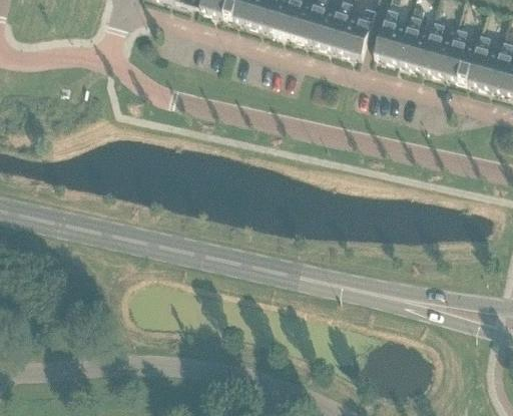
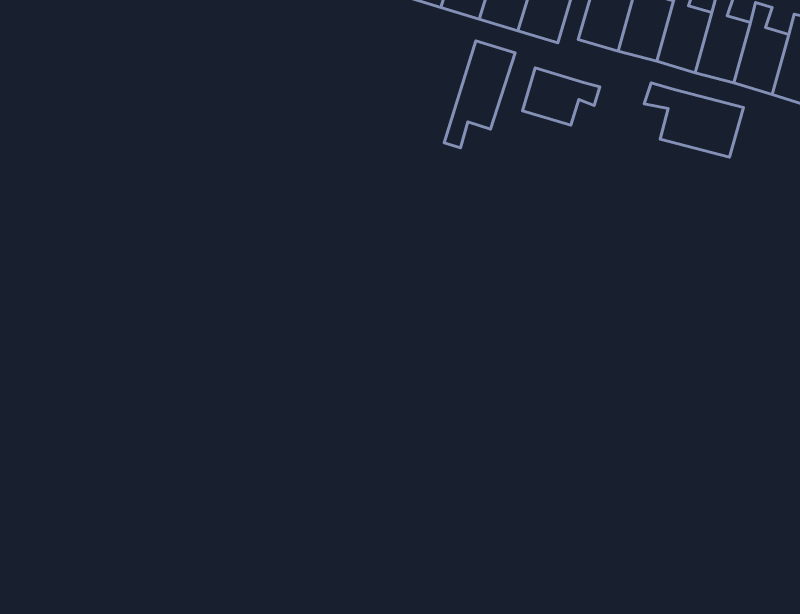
building: none -> [444,41,515,148]
building: none -> [522,68,600,125]
building: none -> [644,83,743,157]

